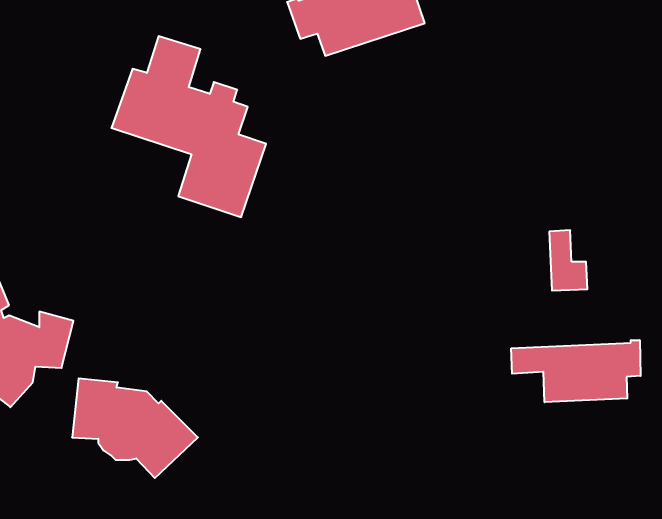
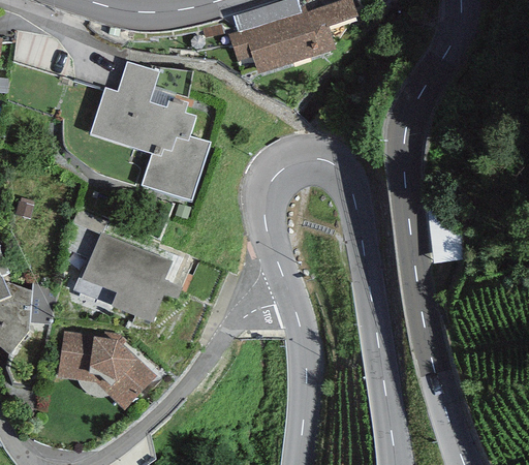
building: none -> [81,229,182,324]
building: [511,340,641,402] -> none

